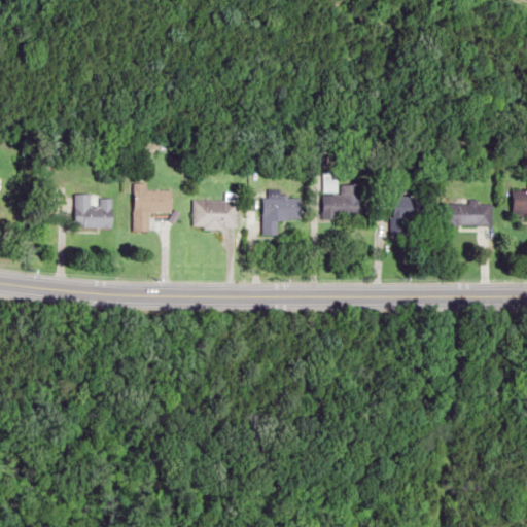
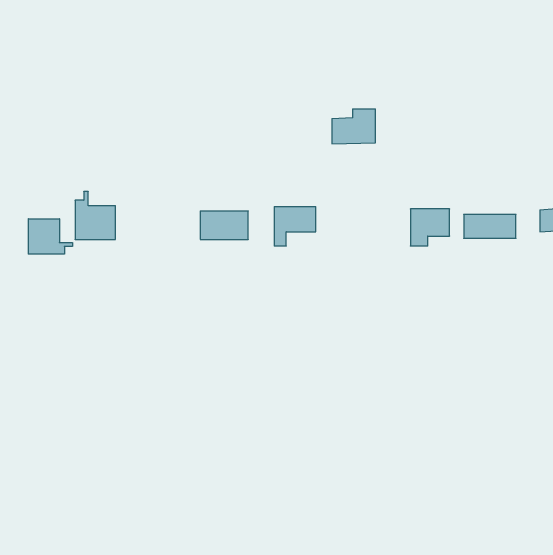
building: [134,184,172,233] -> none
building: [321,185,362,218] -> [332,109,375,144]
building: none -> [28,219,72,254]

